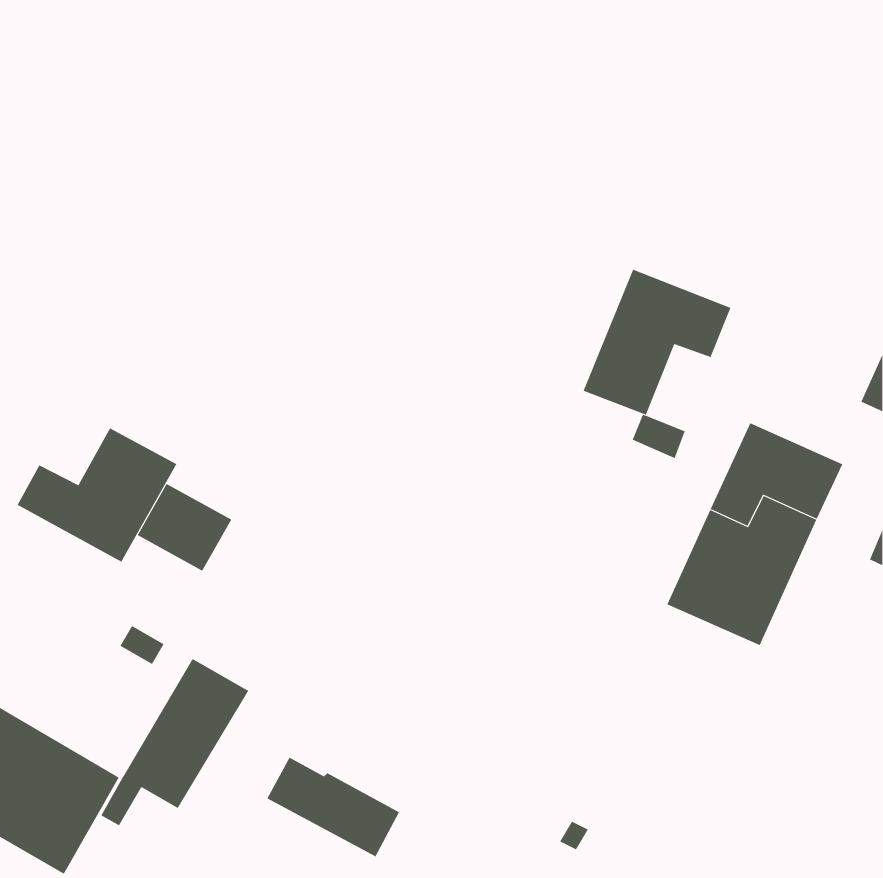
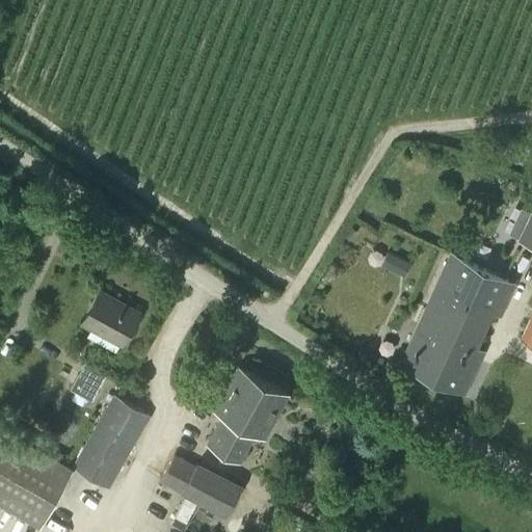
building: [583,269,731,415] -> none
building: [17,428,177,562] -> none
building: none -> [207,371,287,464]

